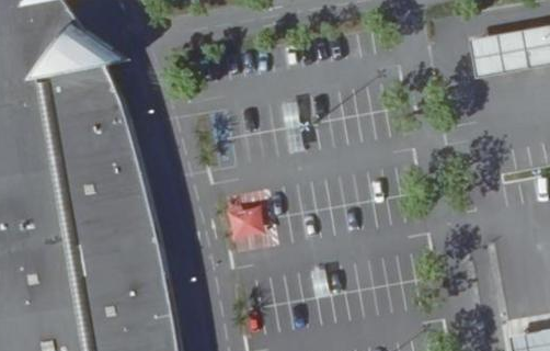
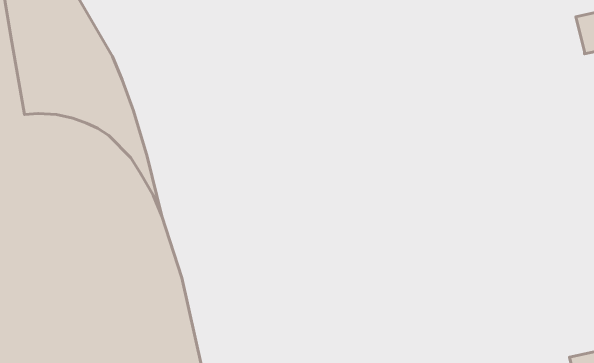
building: [465,34,522,77] -> none

